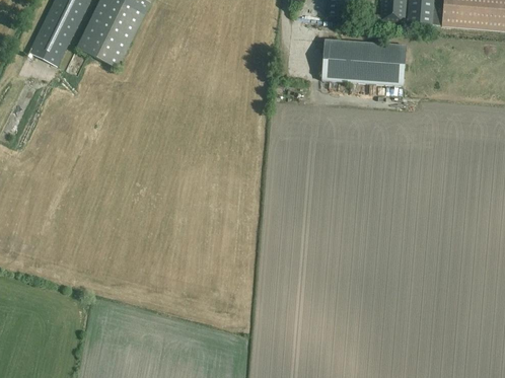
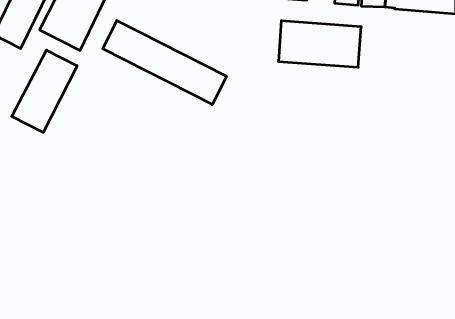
building: none -> [103,20,226,105]
building: none -> [12,50,77,132]

